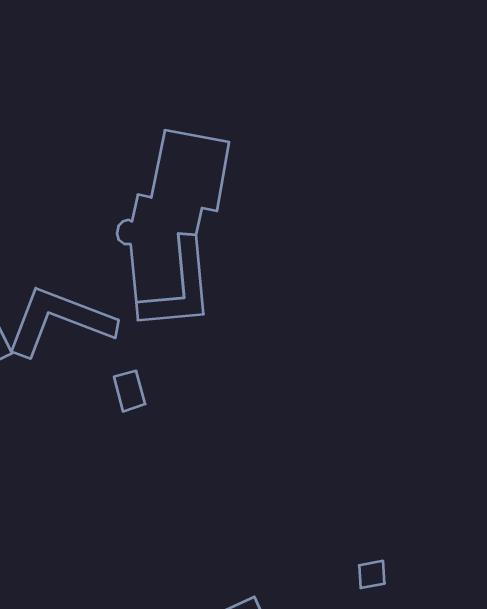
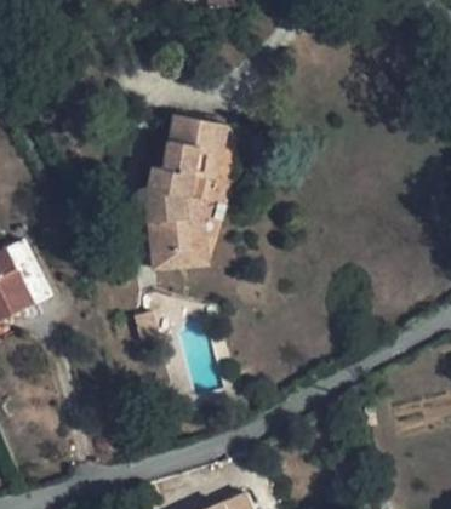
building: [12,288,118,359] -> none

